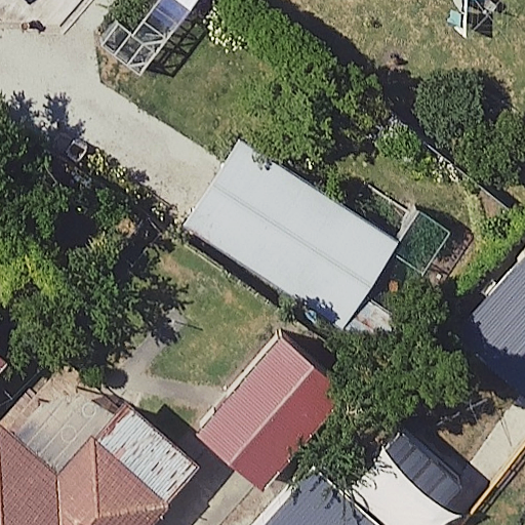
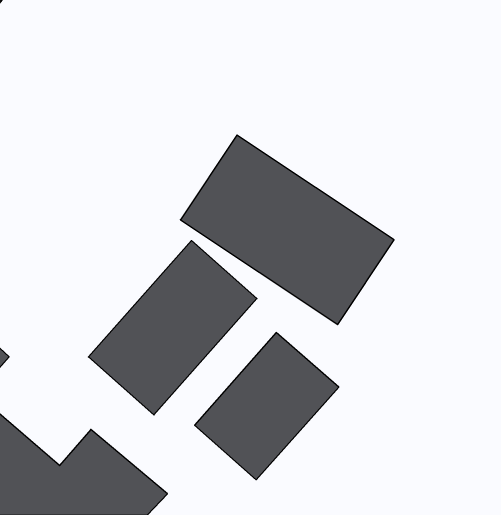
building: none -> [88,241,257,415]

